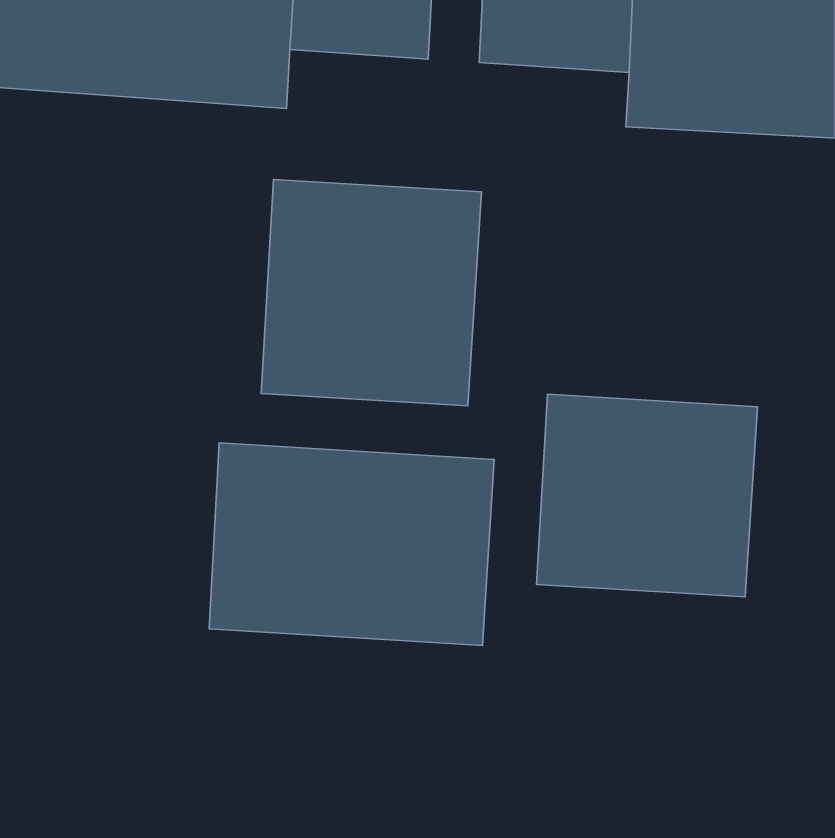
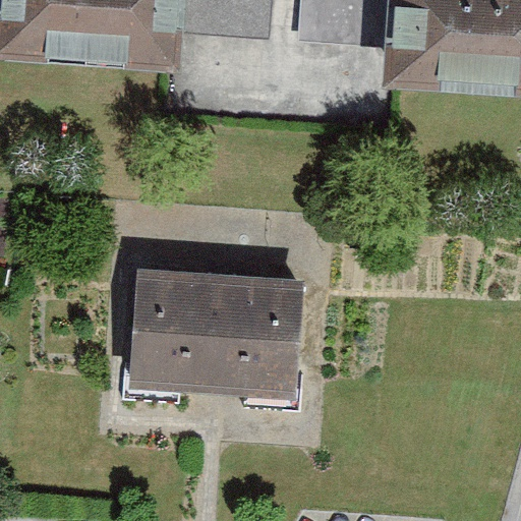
building: [261,179,482,406] -> none
building: [536,394,758,597] -> none

